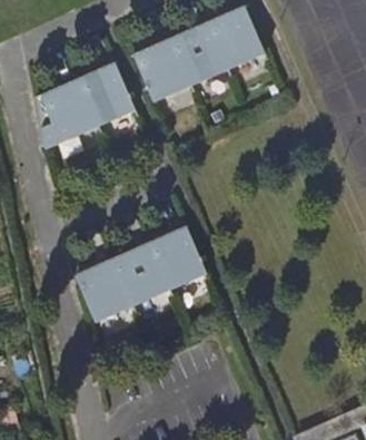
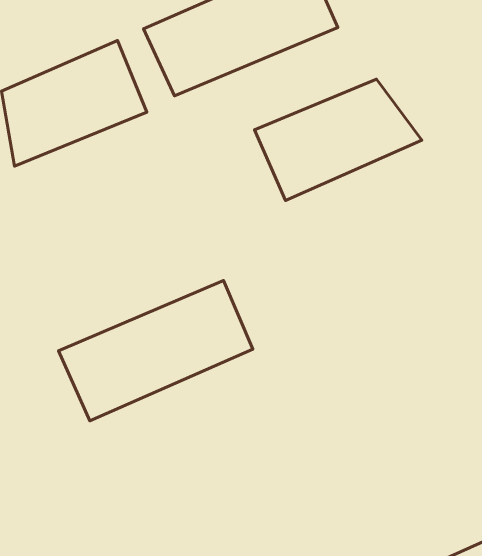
building: none -> [254,79,422,200]

